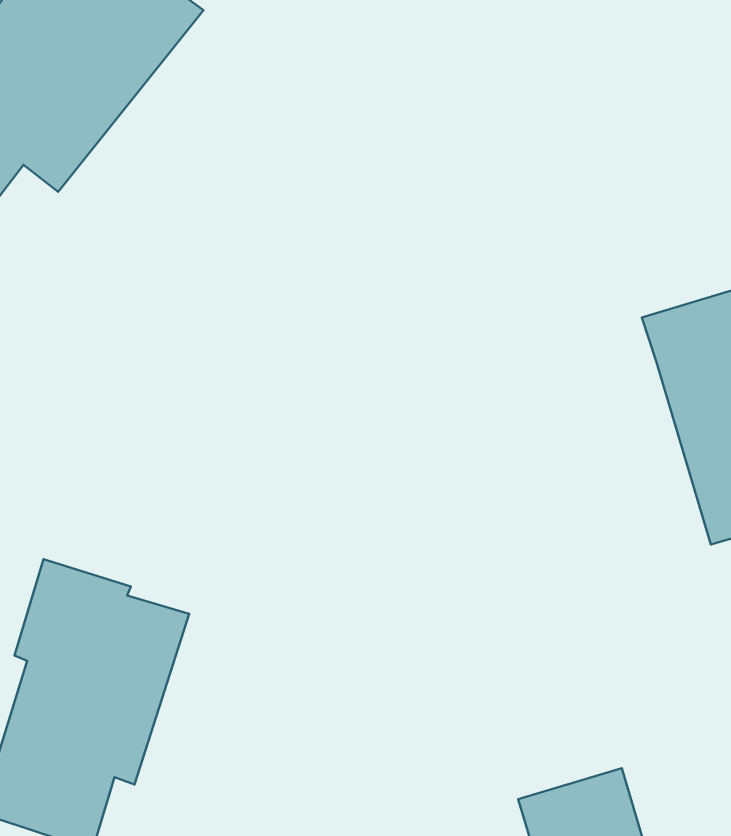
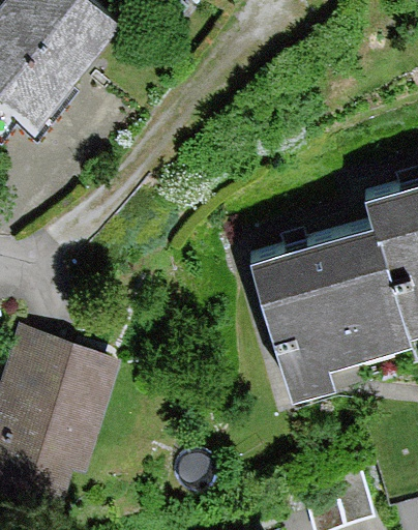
building: none -> [252,228,406,394]

